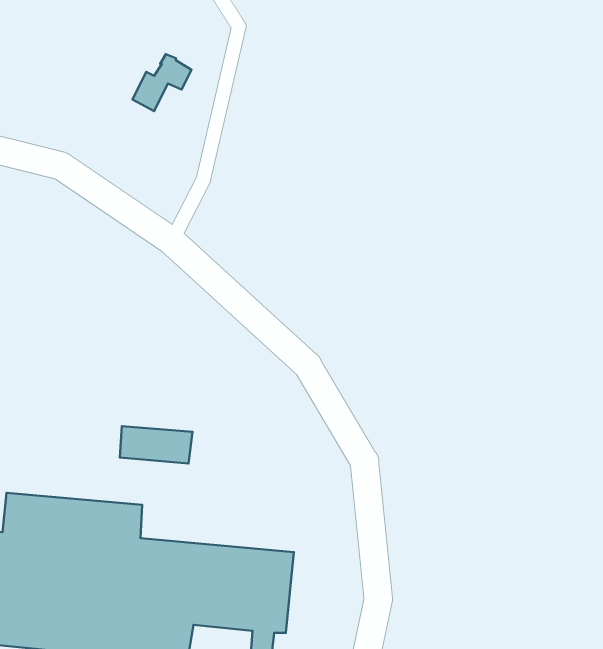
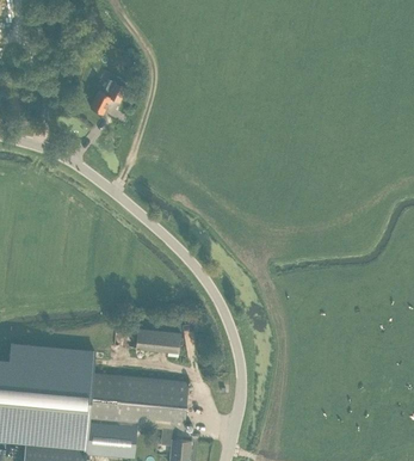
building: [120,426,193,463] -> [135,328,179,351]

